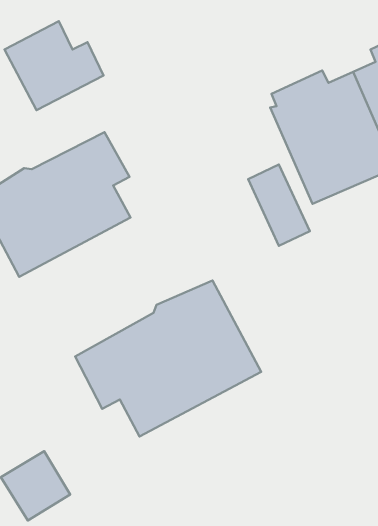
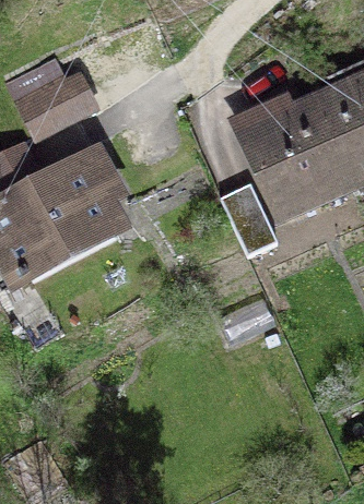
building: [75,281,261,437] -> none

